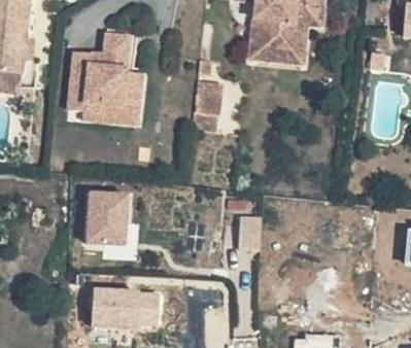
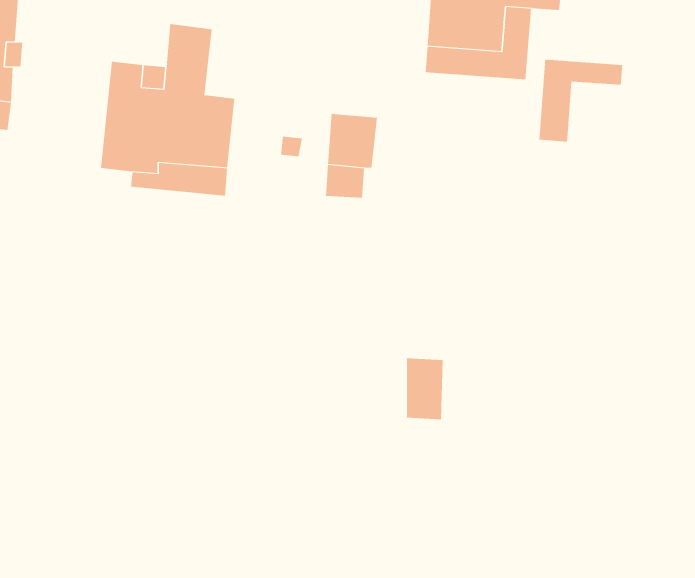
building: none -> [539,59,623,142]
building: [84,192,127,244] -> none
building: [91,287,159,327] -> none

